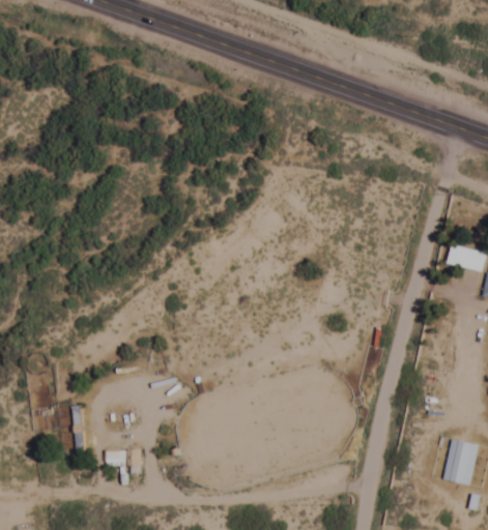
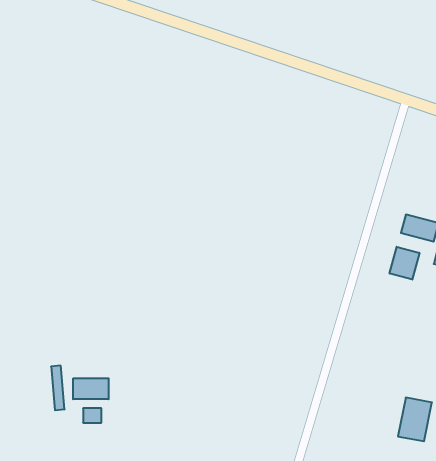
building: none -> [390,247,419,280]
building: none -> [73,378,109,399]

